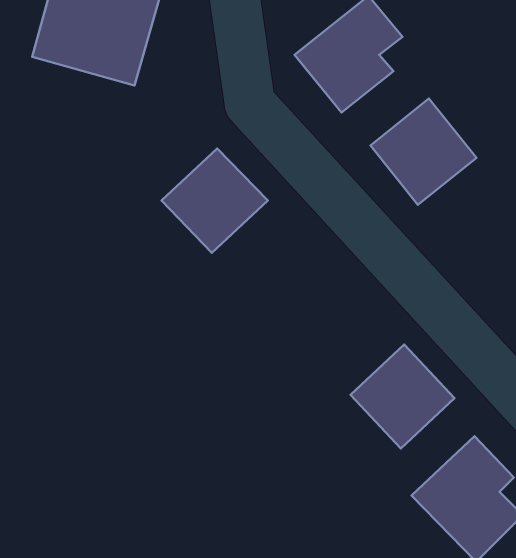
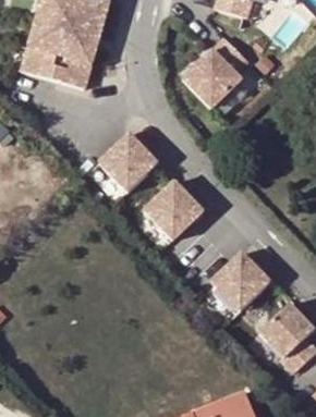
building: [370,99,477,205] -> none
building: none -> [146,176,209,240]

